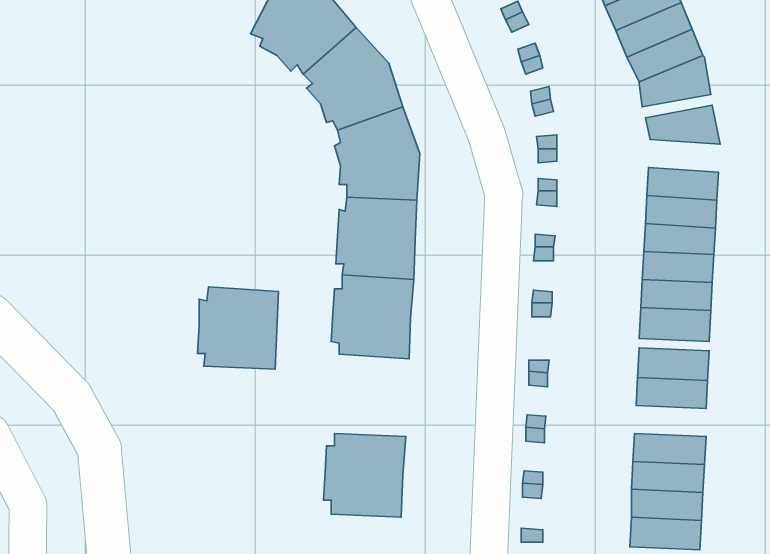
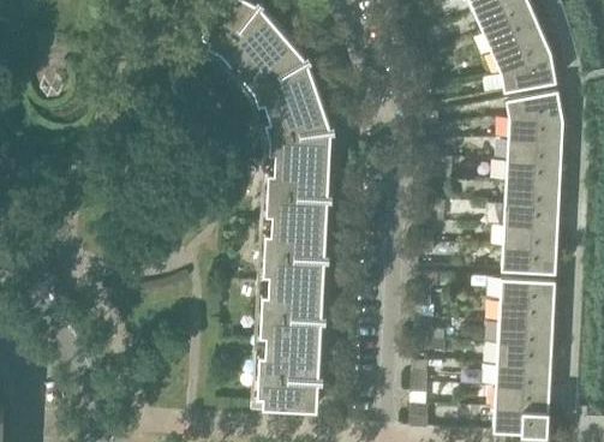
building: none -> [508,120,563,145]
building: [197,287,278,369] -> [261,286,323,350]
building: none -> [497,325,552,350]

